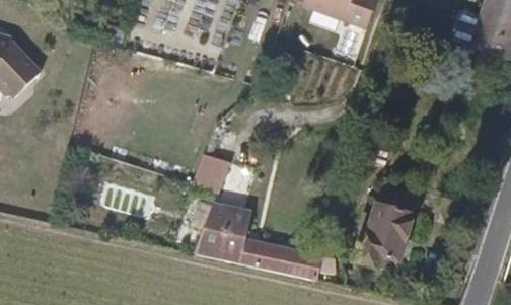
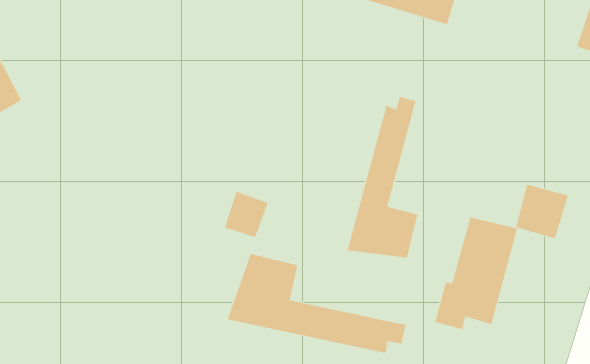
building: none -> [347,96,418,258]
building: none -> [515,184,569,239]

